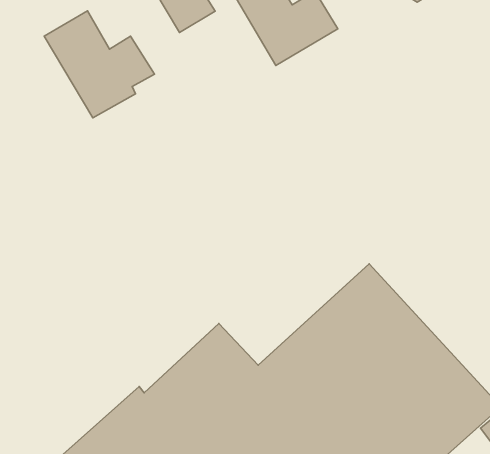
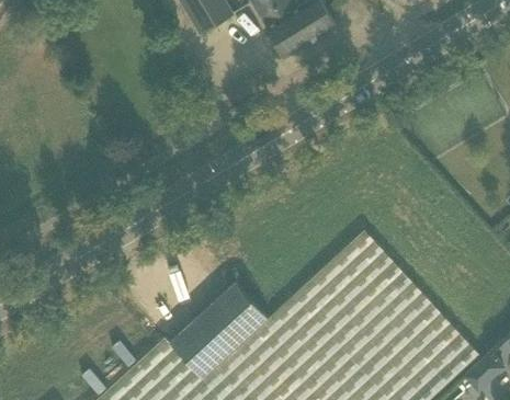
building: [44,11,155,118] -> none

